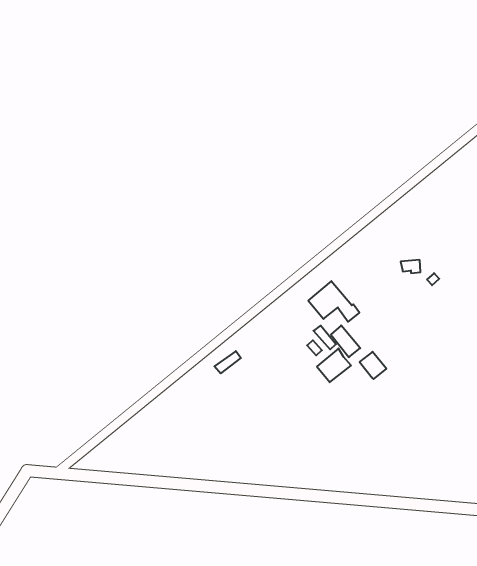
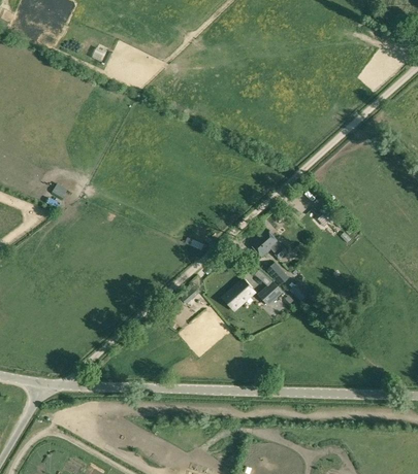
building: none -> [223,281,254,311]

